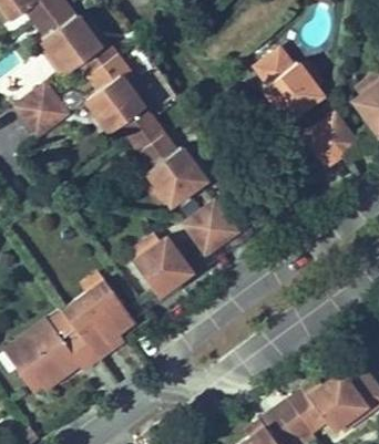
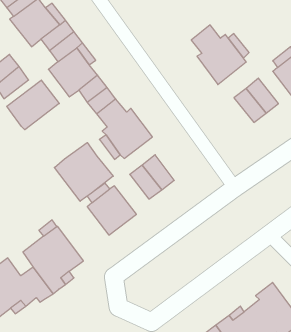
building: none -> [7,80,59,130]
building: none -> [54,143,113,201]

